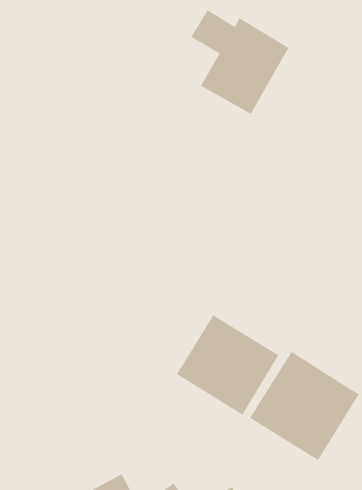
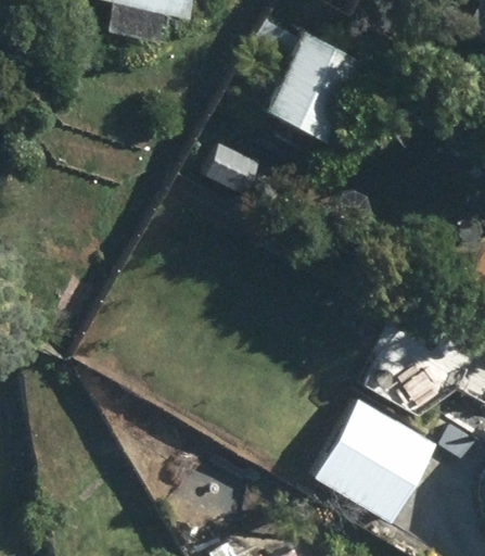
building: [176,314,279,416] -> none

